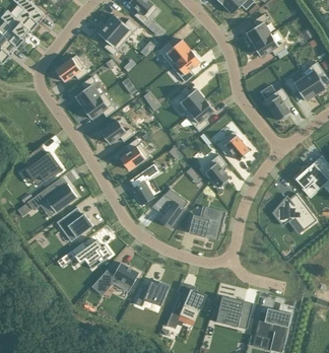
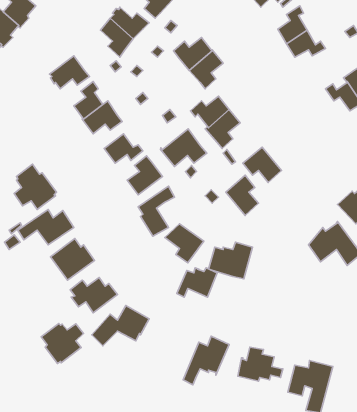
building: [264,88,290,121] -> none
building: none -> [161,129,207,167]
building: none -> [41,324,84,363]
building: [135,281,169,305] -> [177,268,217,297]

